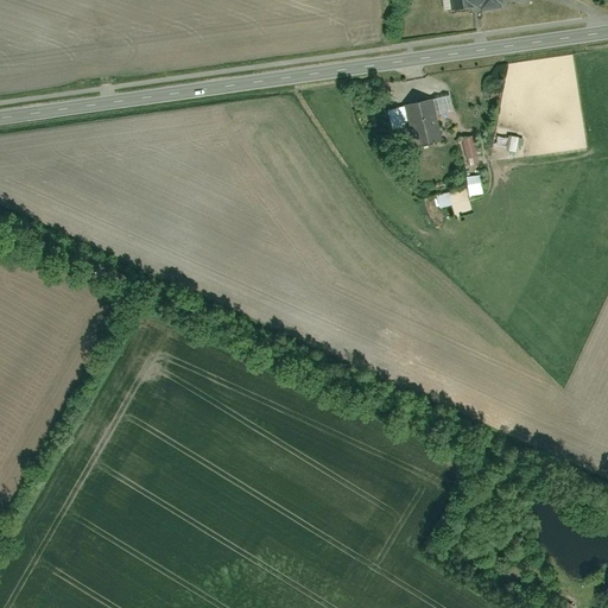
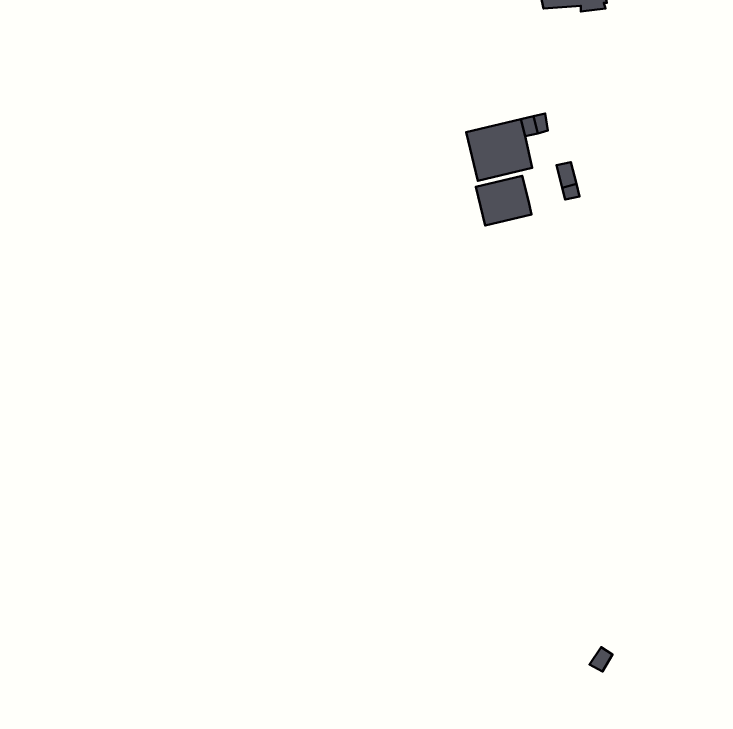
building: none -> [476,176,531,226]

